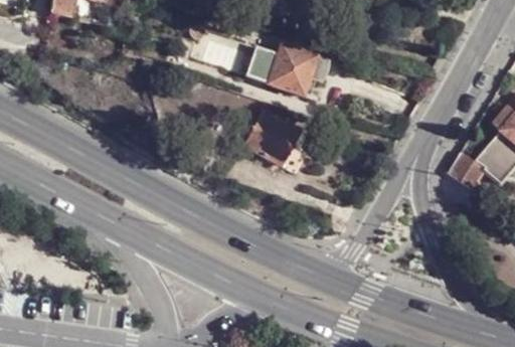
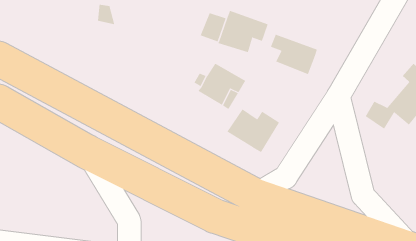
building: none -> [270,34,318,75]
building: none -> [226,109,280,153]

